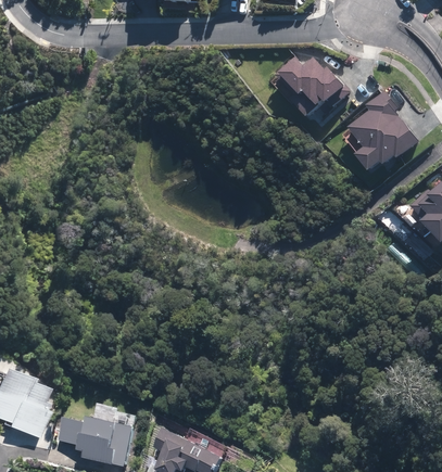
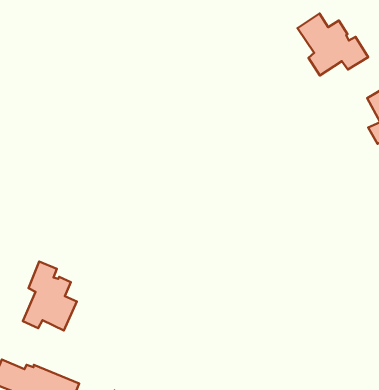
building: none -> [23,261,77,331]

